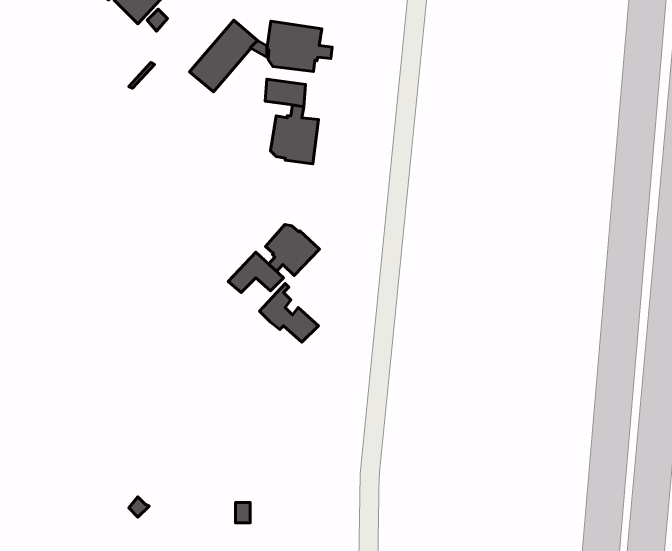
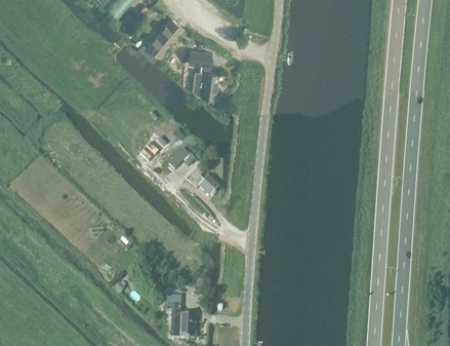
building: [267,21,332,72] -> none
building: [265,225,320,276] -> none

